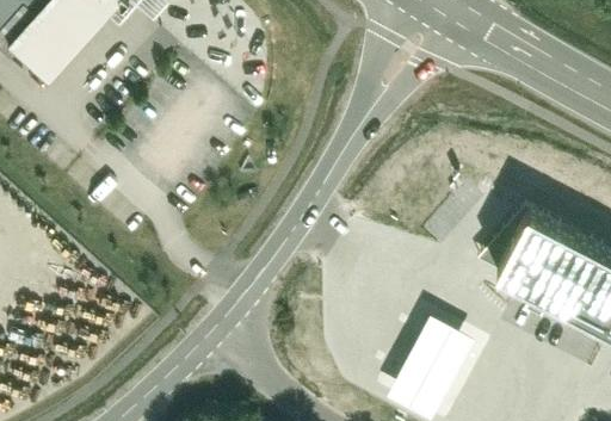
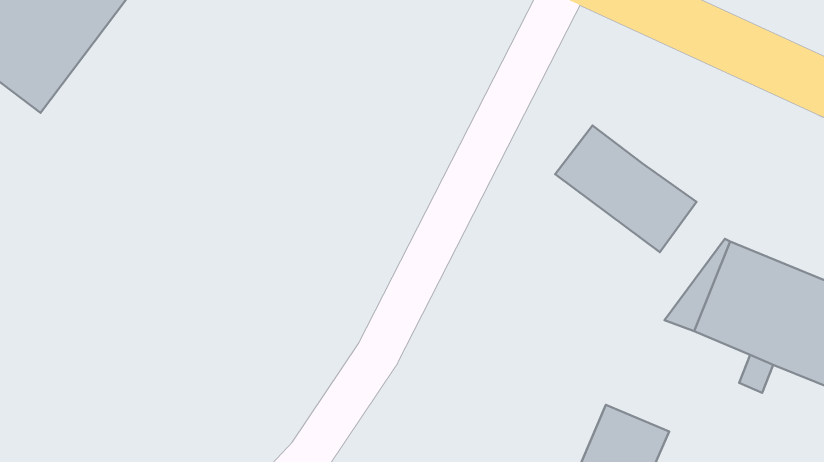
building: none -> [555,126,696,252]

